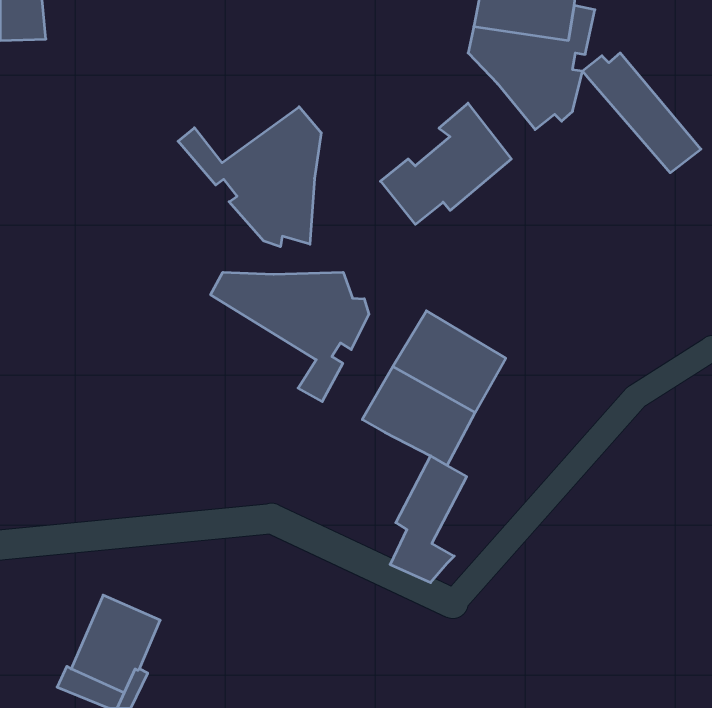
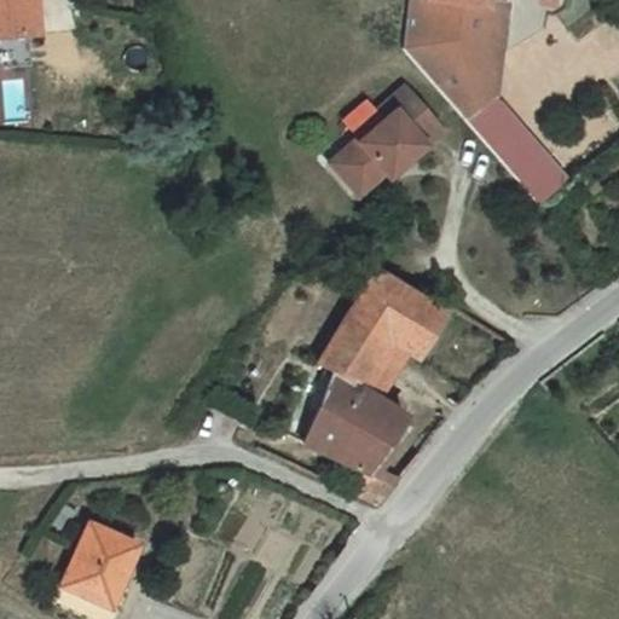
building: [582,53,701,173] -> [464,97,567,201]
building: [178,107,321,247] -> none
building: [211,272,369,402] -> none
building: none -> [305,375,374,453]

